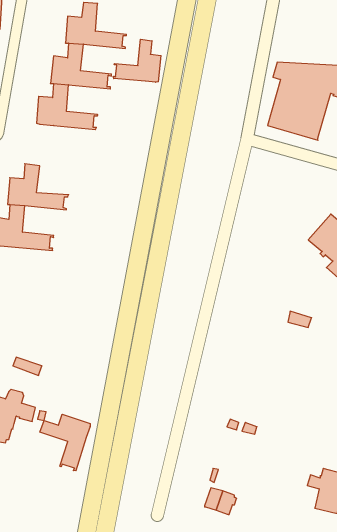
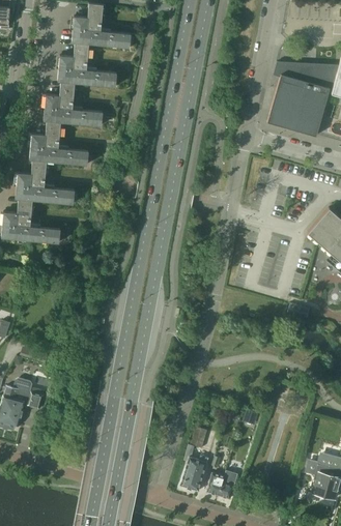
building: [113,39,161,82] -> none
building: none -> [29,121,88,165]
building: [40,414,90,471] -> none
building: none -> [179,428,208,491]

